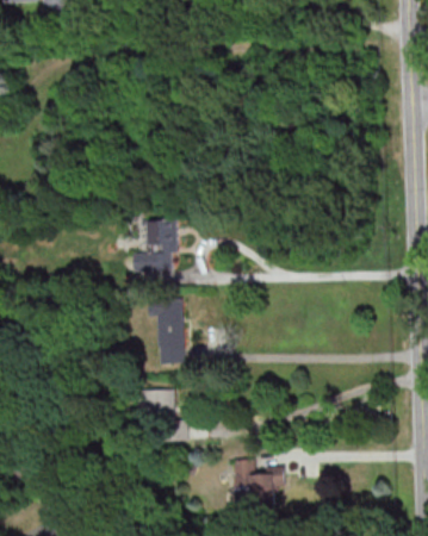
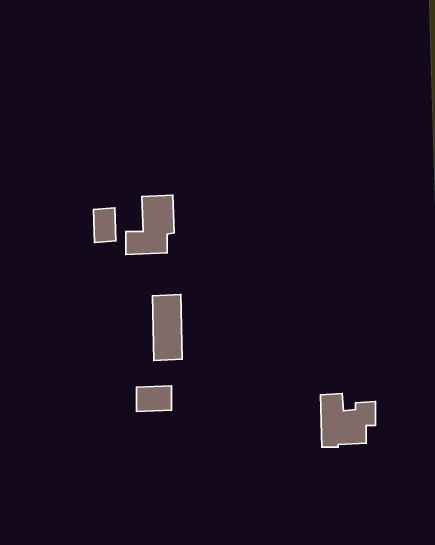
building: none -> [93,208,116,243]
building: [235,457,284,505] -> [321,393,376,447]

